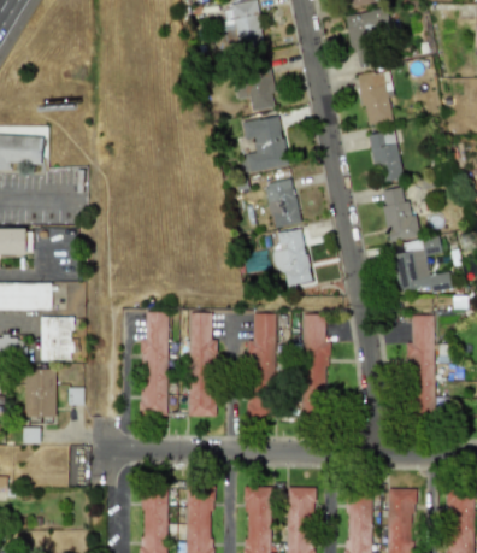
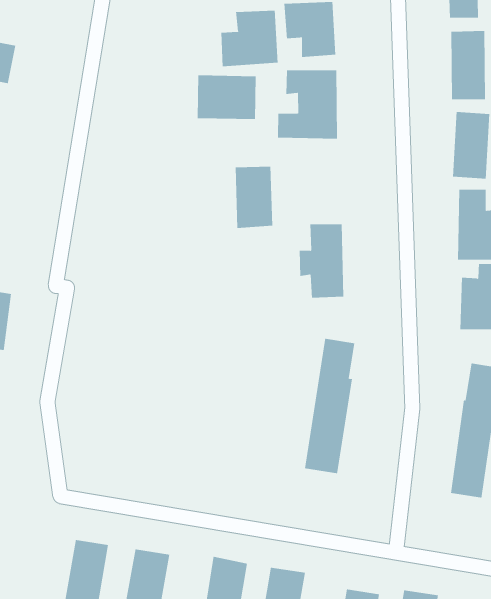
building: none -> [221,10,278,67]
building: none -> [197,75,256,120]
building: [266,180,301,229] -> [235,166,273,228]
building: [142,312,170,417] -> none
building: [190,313,217,417] -> none
building: [249,313,276,418] -> none

